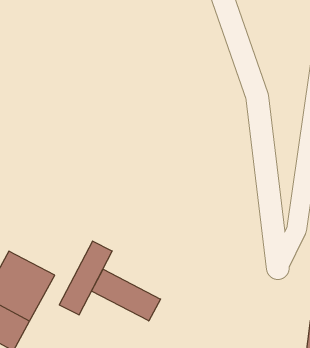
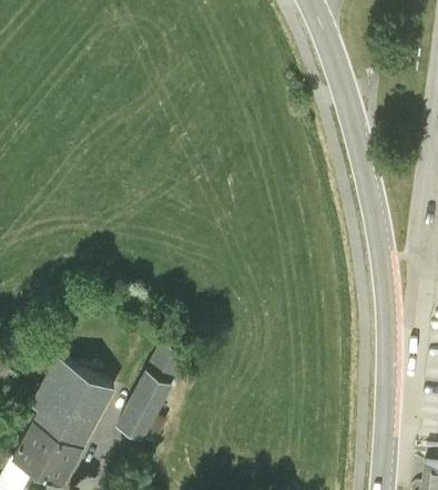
building: [91,269,161,321] -> none

